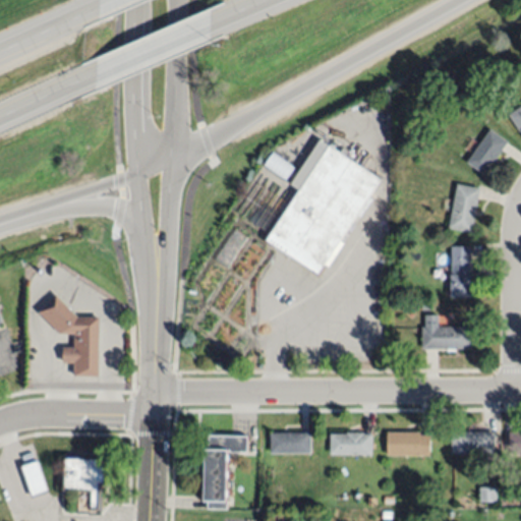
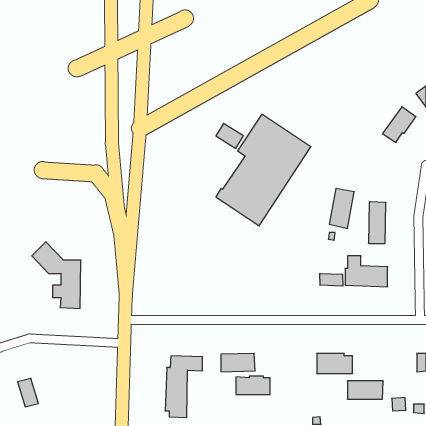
building: [449,184,479,233] -> [329,188,354,228]
building: none -> [320,273,343,286]
building: [451,431,495,454] -> [347,381,383,399]
building: [330,432,371,455] -> [236,376,270,394]
building: [63,457,107,516] -> none

